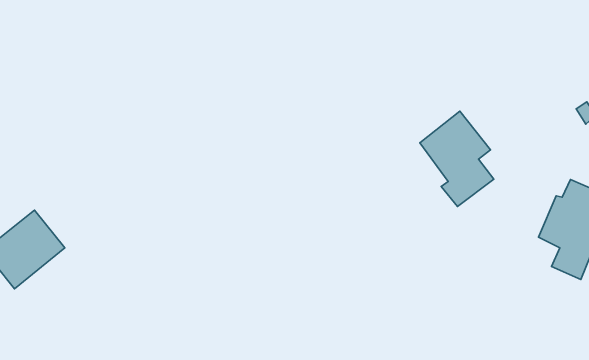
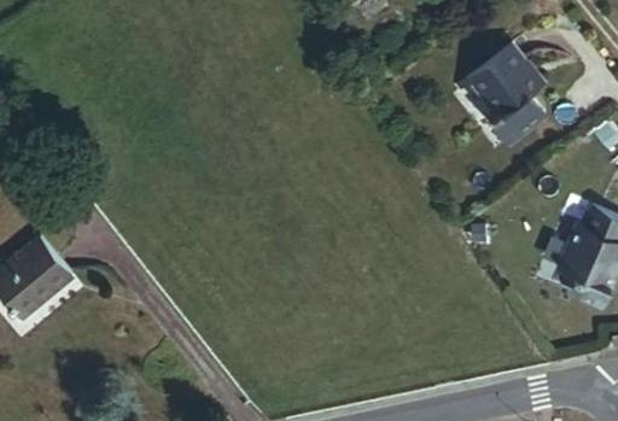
building: [420,111,494,206] -> [468,36,544,134]

